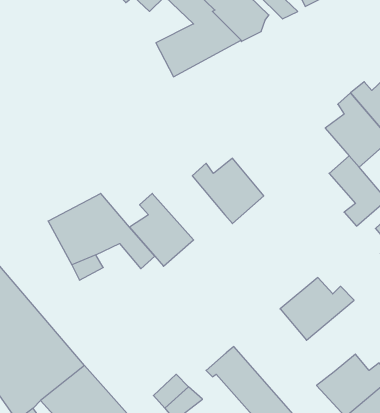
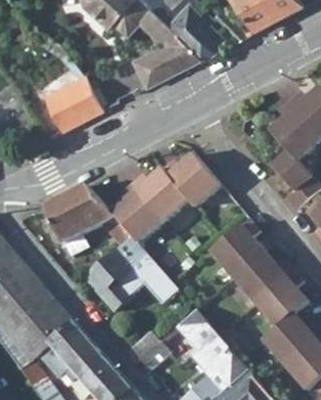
building: none -> [44,52,104,130]
building: none -> [129,169,188,221]
building: none -> [211,219,264,277]
building: none -> [85,234,181,310]
building: none -> [255,270,308,328]

